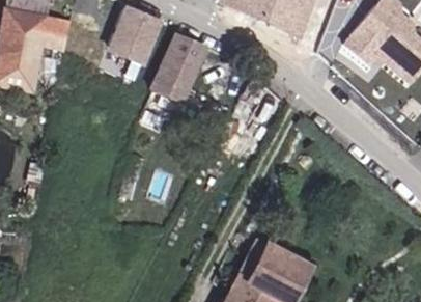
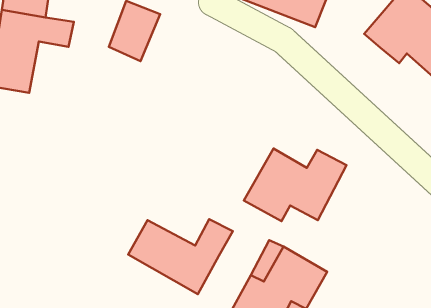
building: [151,34,203,102] -> none
building: none -> [244,149,346,221]
building: none -> [128,219,233,294]

